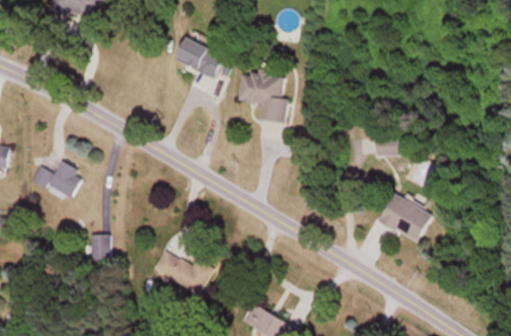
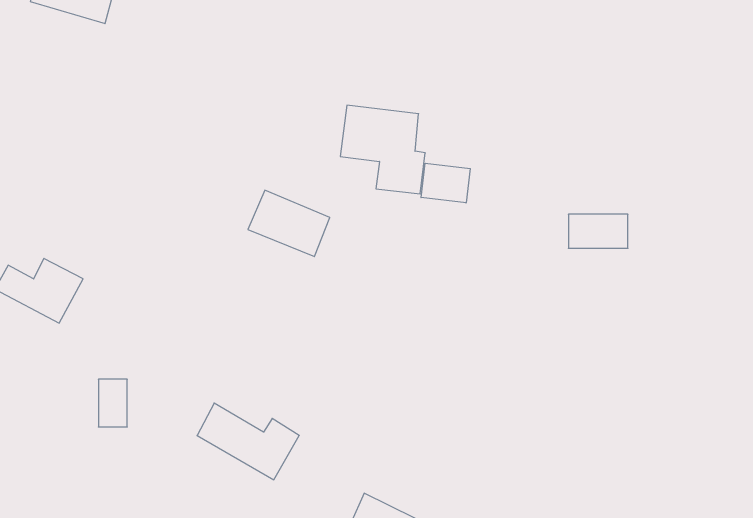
building: [176,37,225,77] -> [248,190,330,257]
building: none -> [421,163,470,203]
building: [376,191,432,242] -> none

